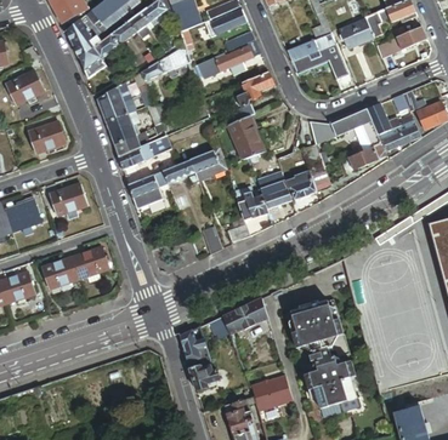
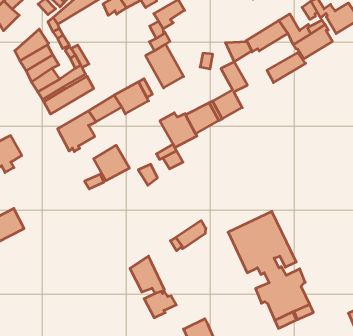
building: none -> [94,145,129,181]
building: [72,247,108,284] -> none
building: [251,377,291,411] -> none

